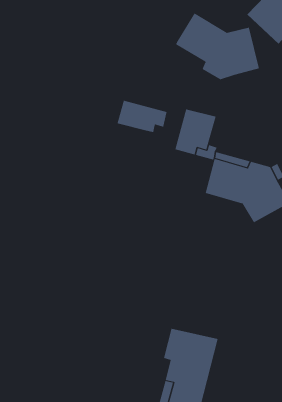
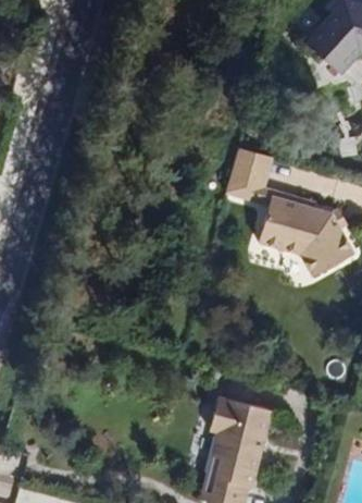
building: [176,12,259,80] -> none
building: [117,100,167,133] -> none

